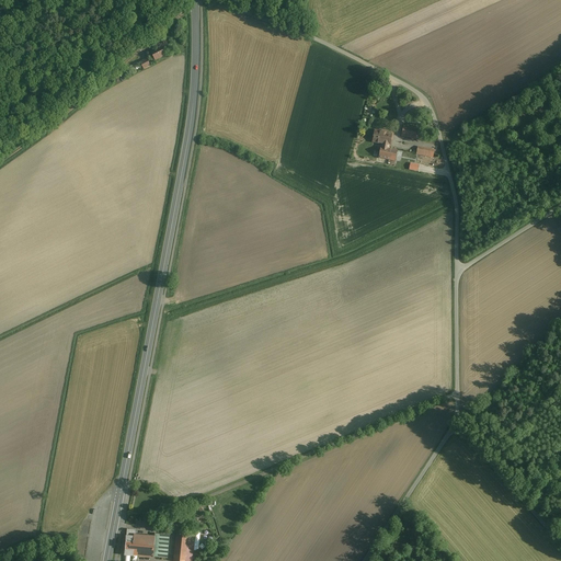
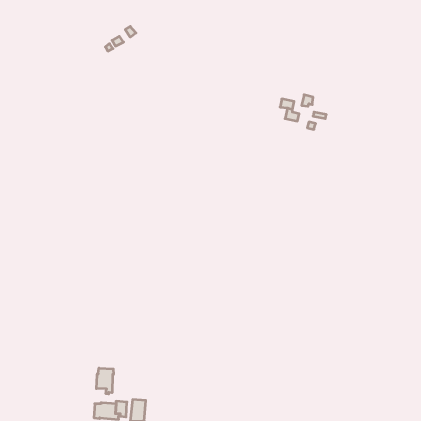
building: none -> [96,368,113,394]

